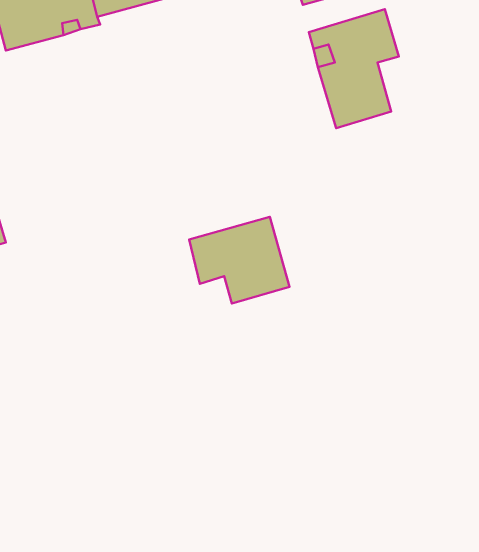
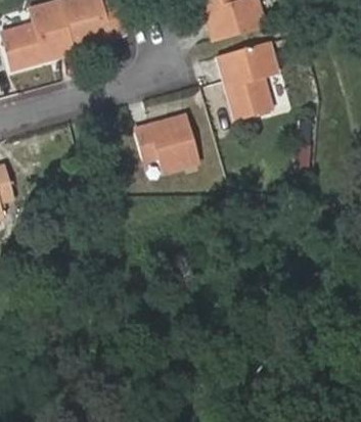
building: [189,217,290,304] -> [130,114,197,173]

